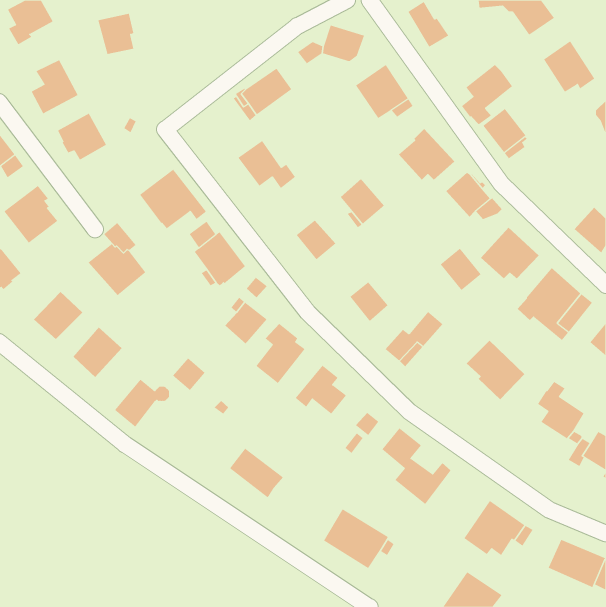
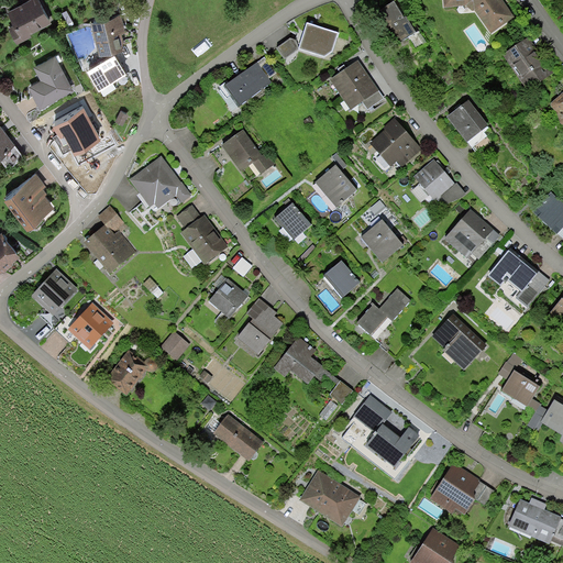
building: none -> [86,49,124,86]
building: [461,64,513,125] -> none
building: [440,248,481,291] -> [362,219,400,258]

